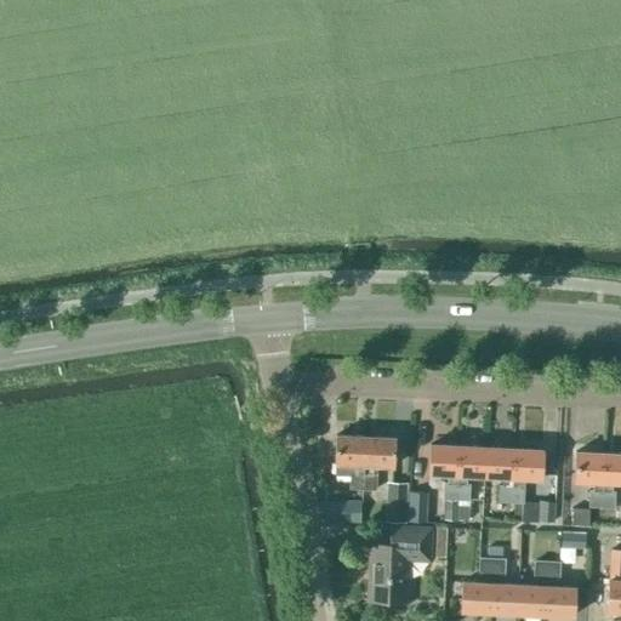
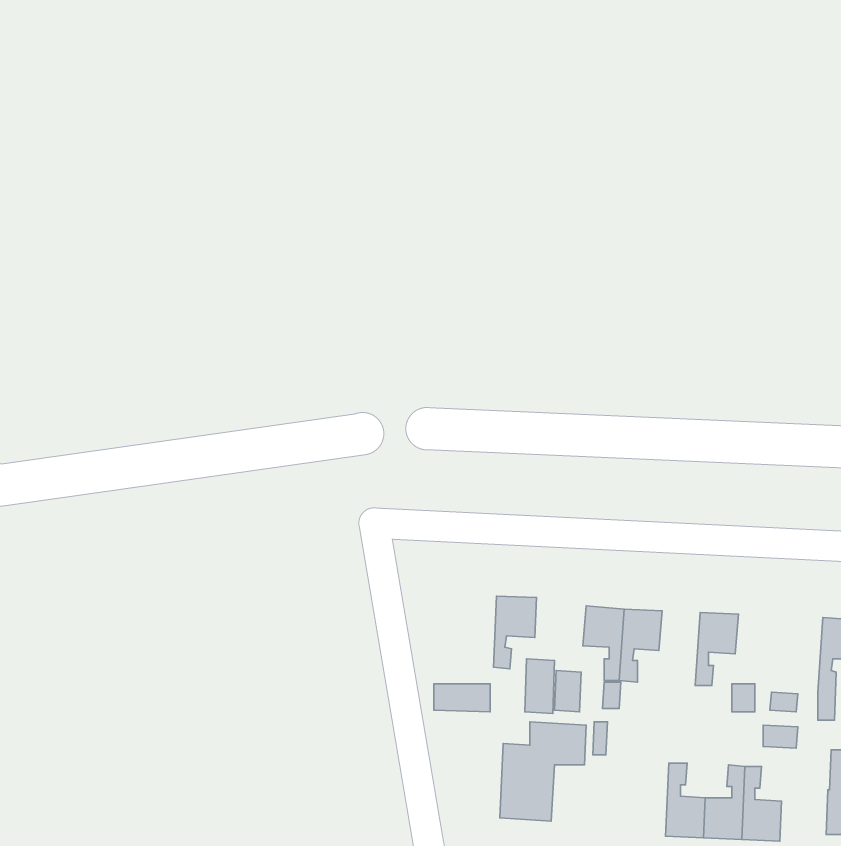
building: [337,435,368,489] -> none
building: [486,448,517,502] -> none
building: [576,451,606,528] -> none
building: [463,558,494,613] -> none

